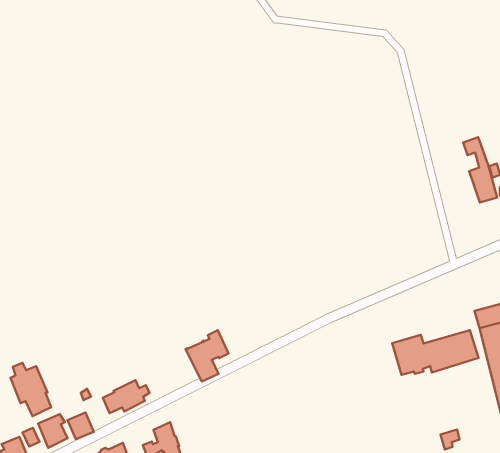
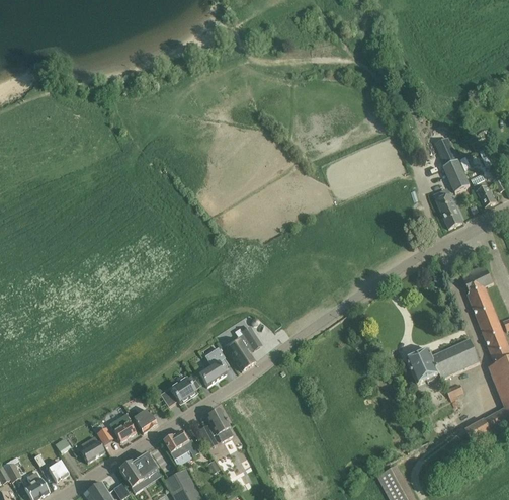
building: none -> [436,193,462,227]
building: [392,330,479,375] -> [406,338,480,383]
building: none -> [198,345,229,385]
building: [10,363,51,416] -> none

